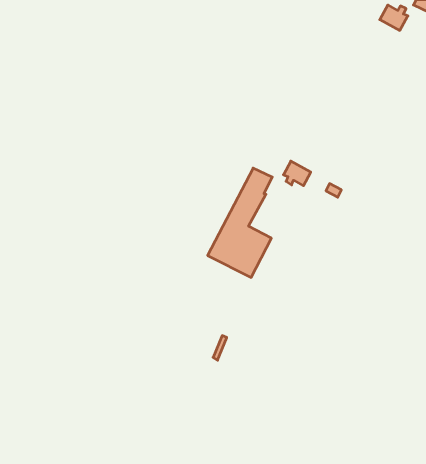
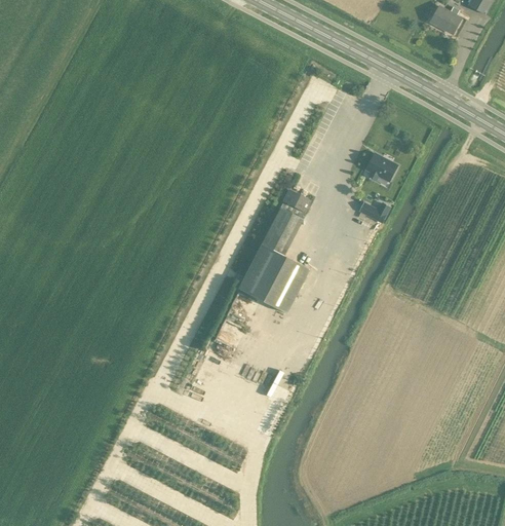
building: [283,161,311,186] -> [365,154,396,182]

